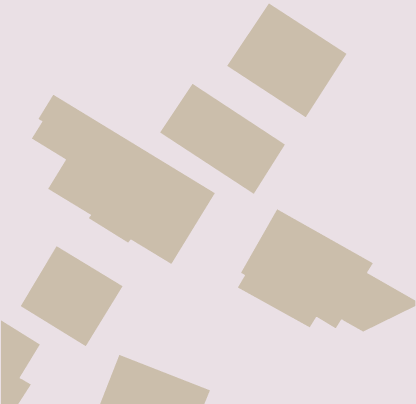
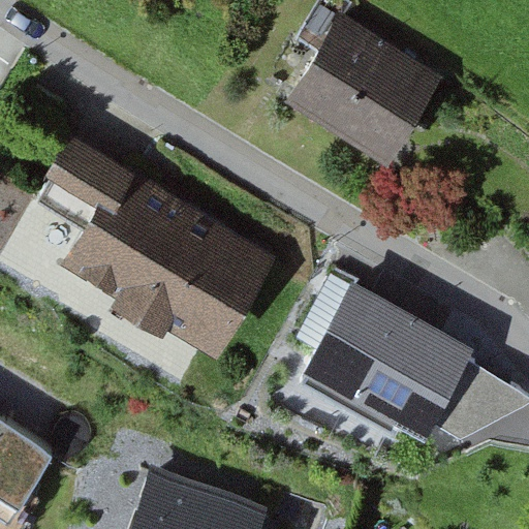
building: [159,83,286,195] -> none
building: [20,245,124,347] -> none

